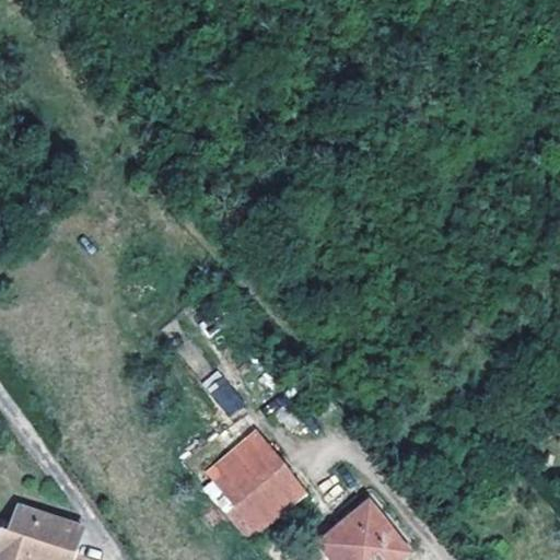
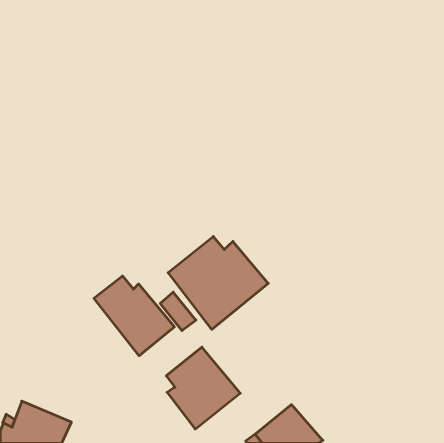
building: none -> [168,236,268,329]
building: none -> [94,276,174,356]

